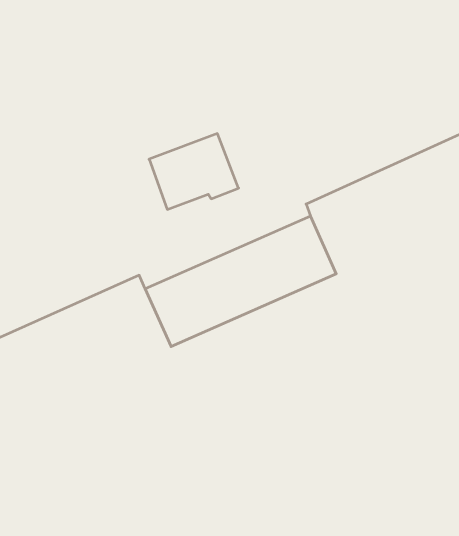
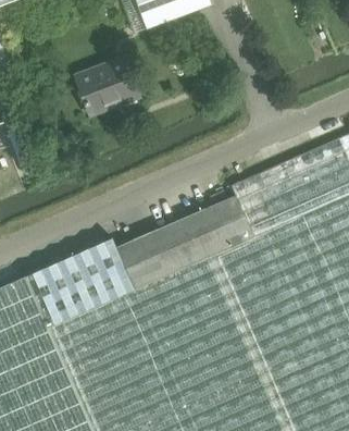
building: [149,134,239,209] -> [76,58,140,112]

